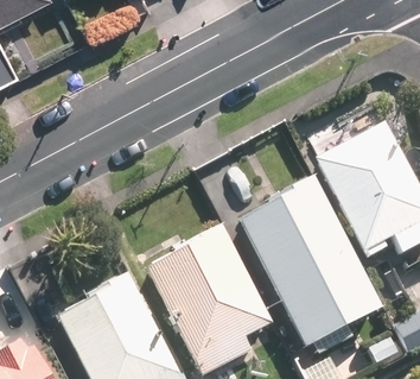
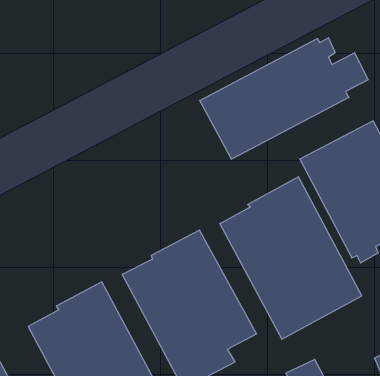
building: none -> [200,38,368,159]

